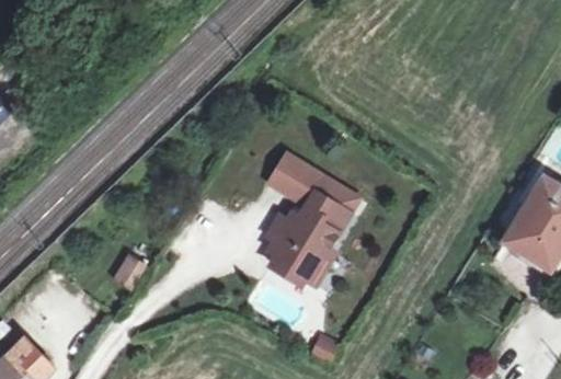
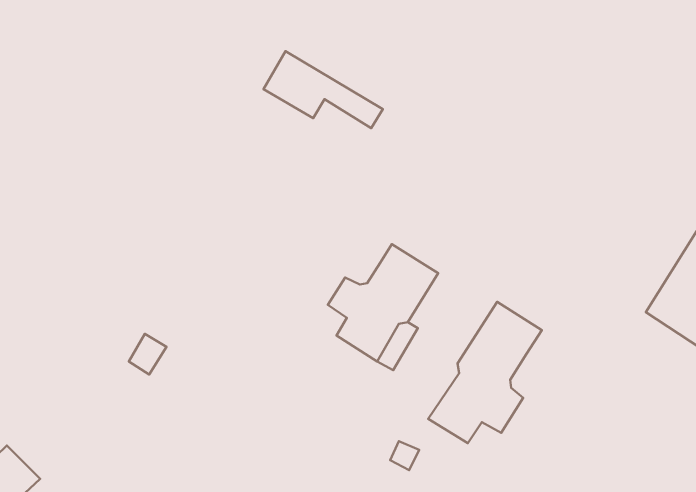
building: [268,153,358,211] -> [264,51,383,128]
building: none -> [428,302,542,443]

